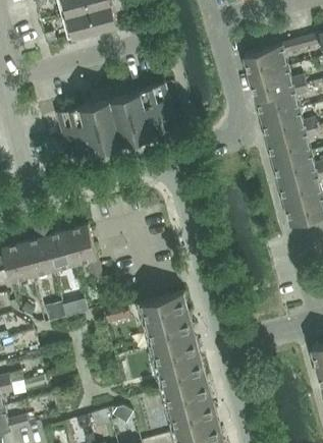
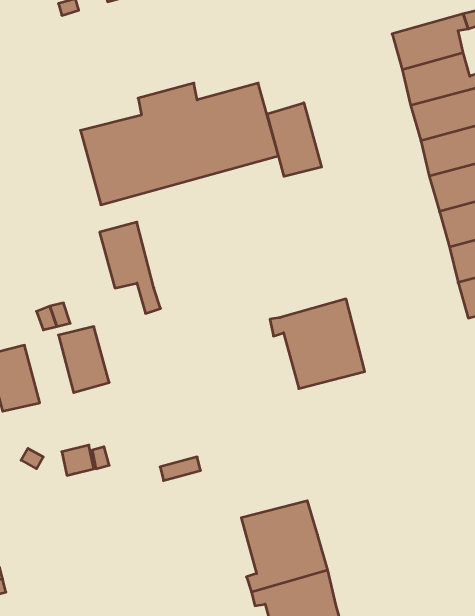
building: none -> [267,103,322,176]
building: [64,225,101,280] -> [100,222,161,313]
building: [22,236,52,277] -> none
building: [136,292,193,346] -> [270,299,365,389]

